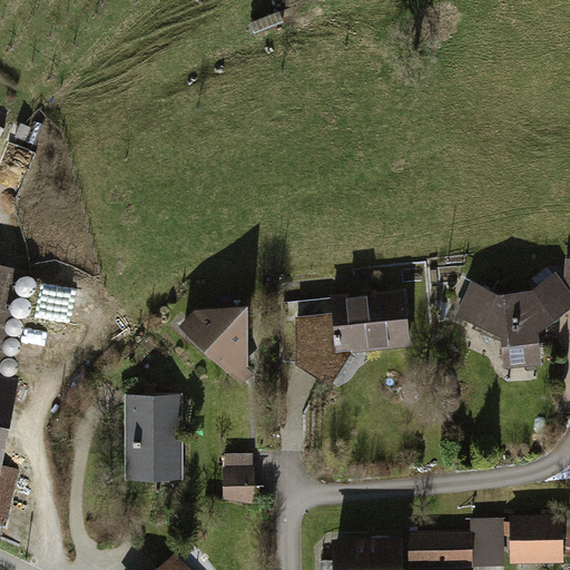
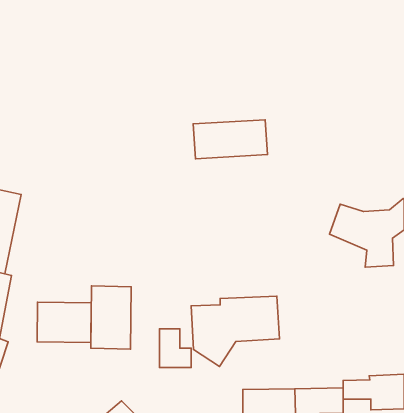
building: none -> [193,120,267,159]
building: [291,288,412,385] -> [191,296,279,367]
building: [179,299,255,385] -> none
building: none -> [37,302,91,343]

